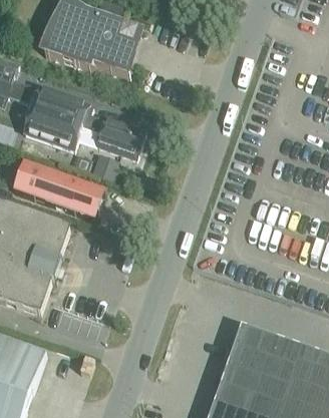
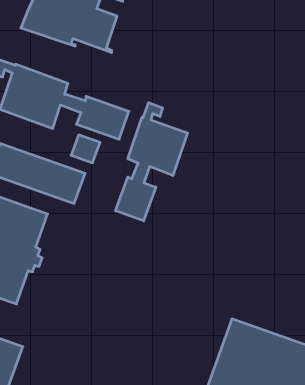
building: none -> [116,103,188,221]

